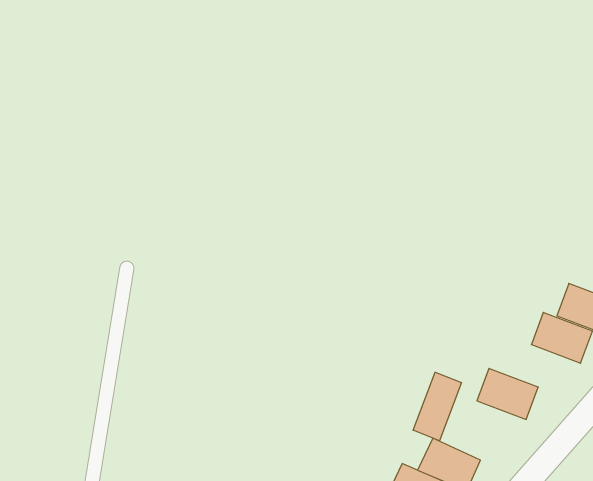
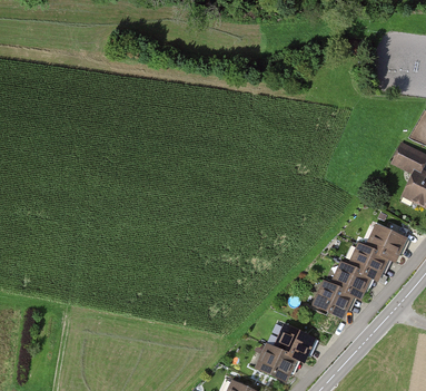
building: none -> [333,262,373,295]
building: [413,372,462,441] -> none

